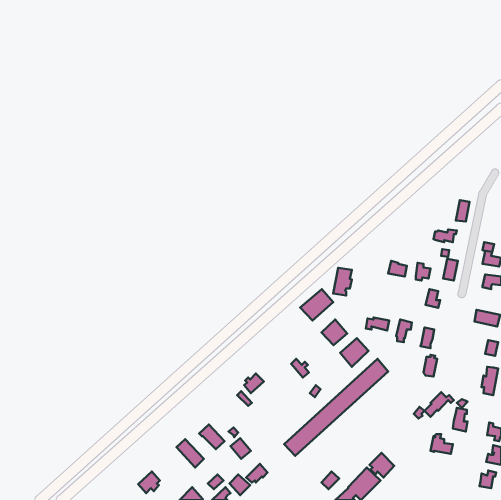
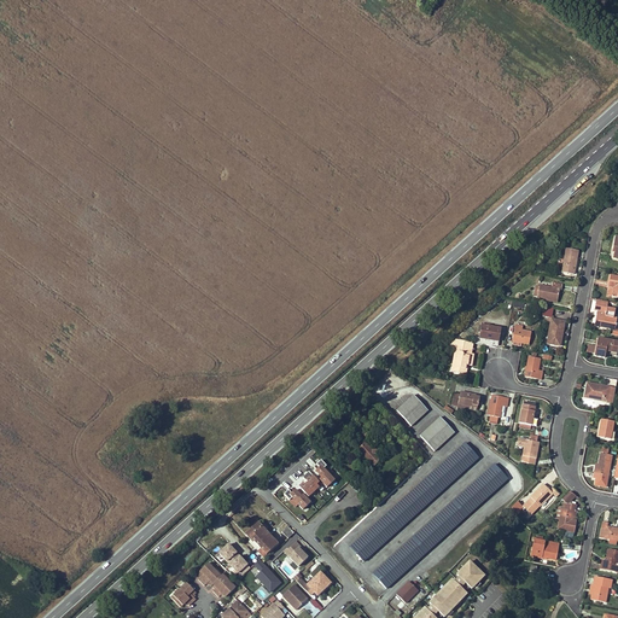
building: [333,268,352,295] -> [450,339,473,373]
building: [300,289,333,321] -> none
building: none -> [373,464,507,588]
building: none -> [199,561,237,595]

